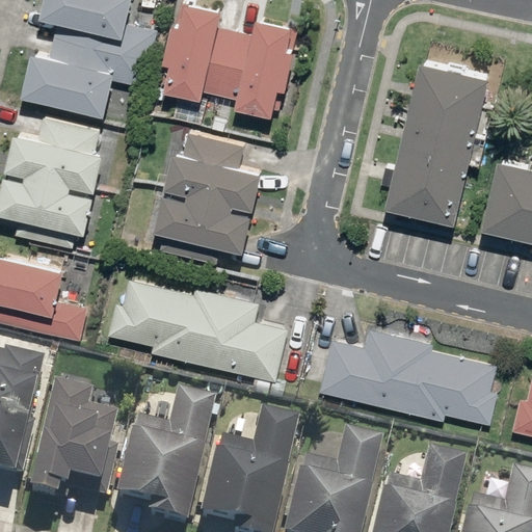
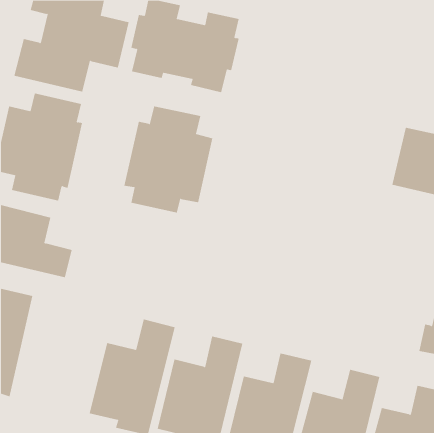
building: [383,60,488,224] -> none
building: [109,280,290,382] -> none
building: [320,329,500,426] -> none
building: [23,385,119,510] -> none

